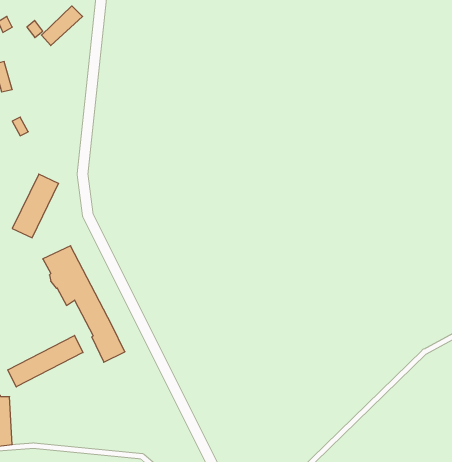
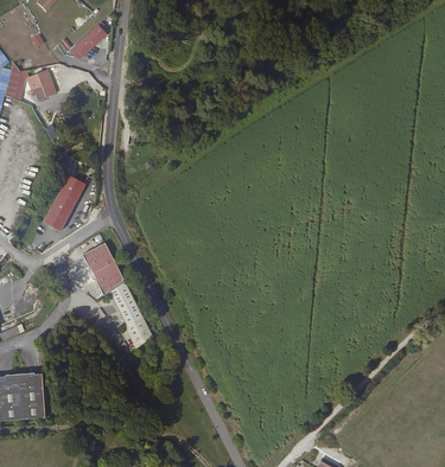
building: [8,335,83,387] -> none

